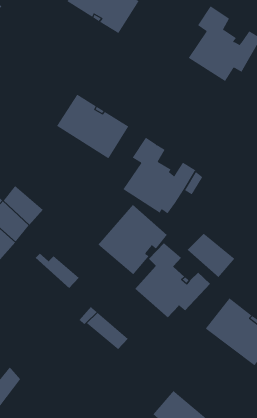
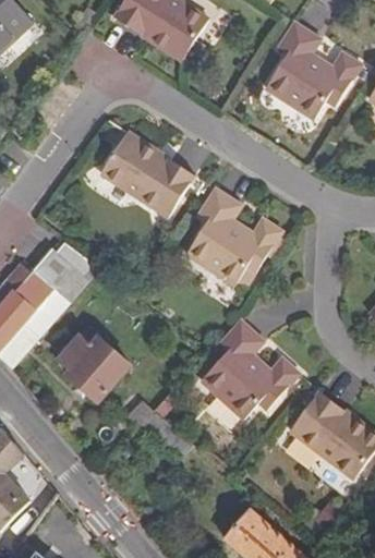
building: [98,204,168,275] -> none
building: [187,233,235,278] -> none
building: none -> [59,341,118,402]

